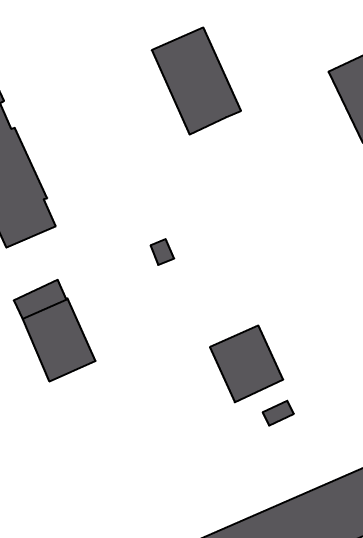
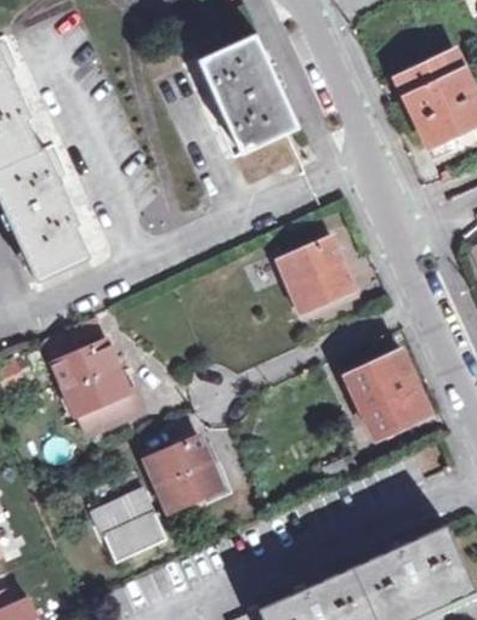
building: none -> [277,235,352,311]
building: [210,326,283,402] -> [347,352,430,438]
building: none -> [149,436,222,507]
building: none -> [96,493,166,561]

